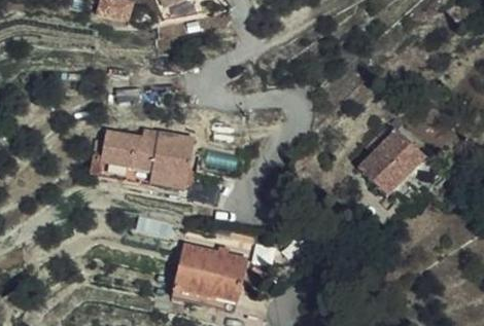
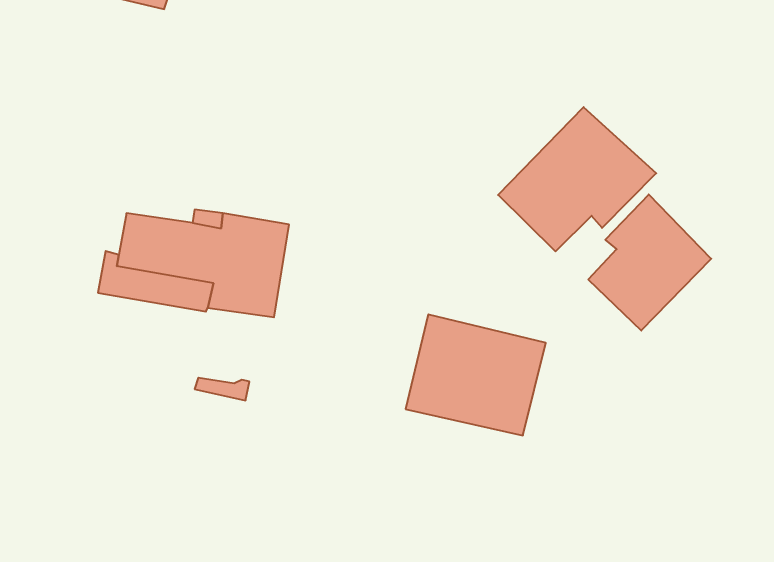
building: none -> [498,107,656,251]
building: [172,243,248,309] -> [406,314,546,435]

